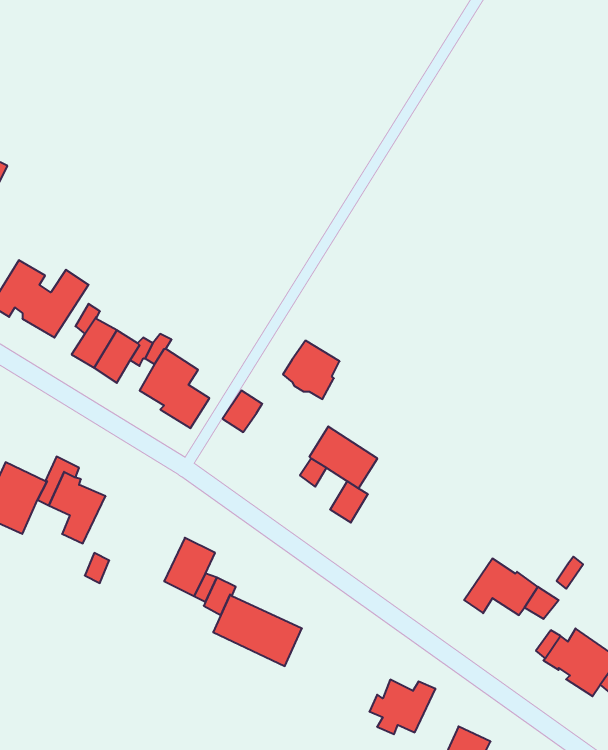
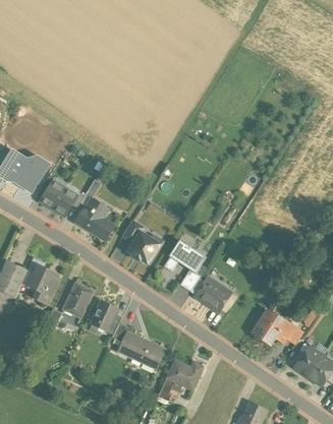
building: [283,341,340,399] -> [128,232,159,263]
building: none -> [196,280,231,309]
building: none -> [62,282,92,315]
building: [369,680,436,734] -> [166,360,202,389]

